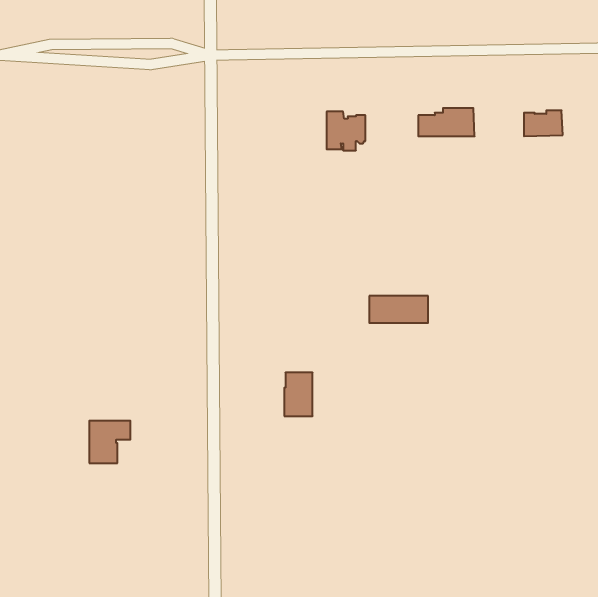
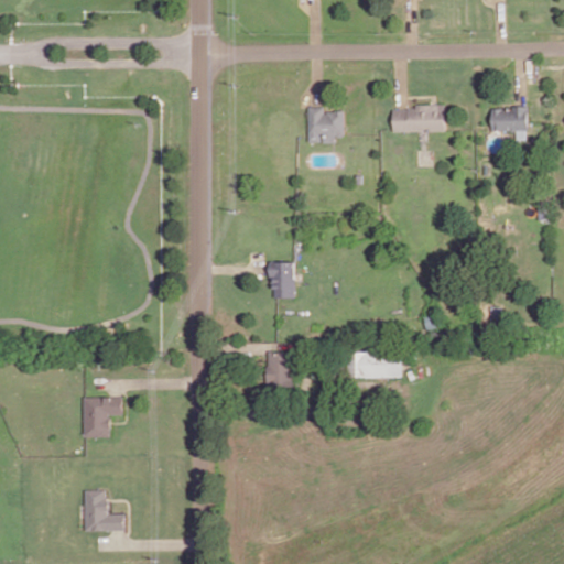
building: none -> [269,262,294,299]
building: [369,296,428,323] -> [347,352,402,378]
building: none -> [85,491,123,531]

